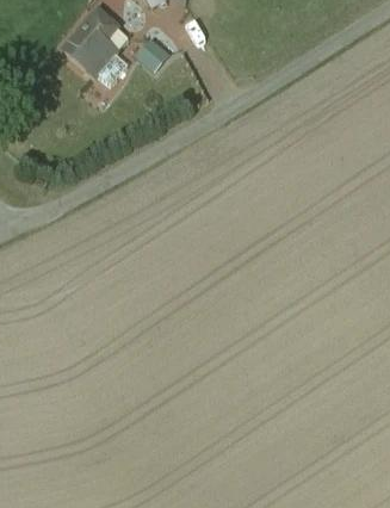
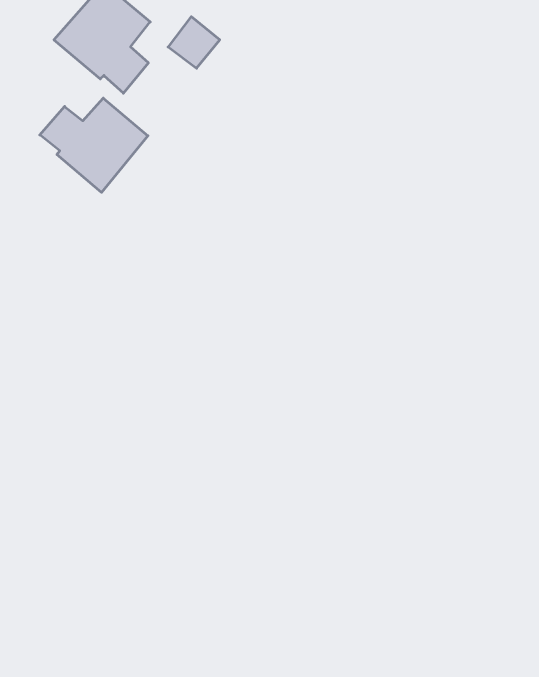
building: none -> [40,98,148,192]

